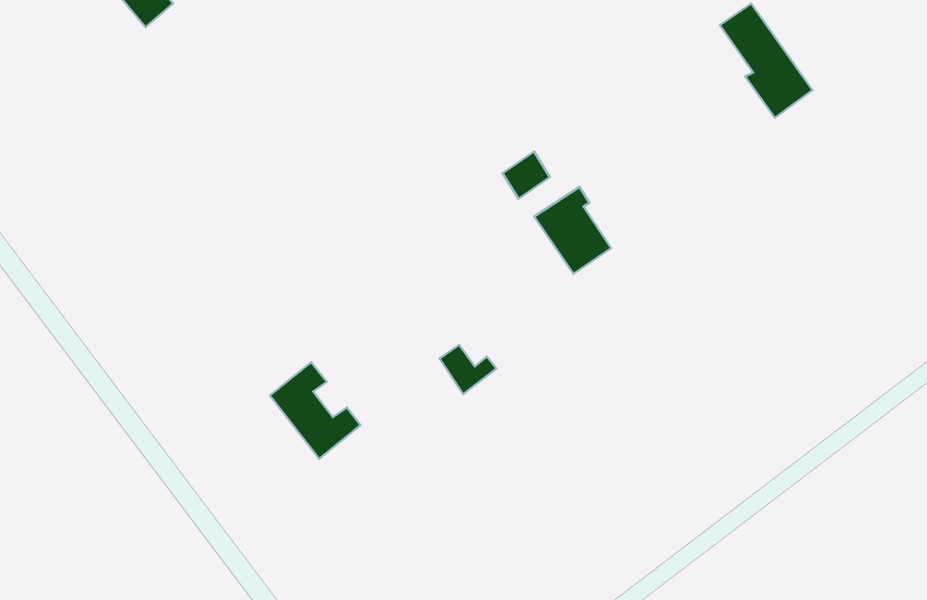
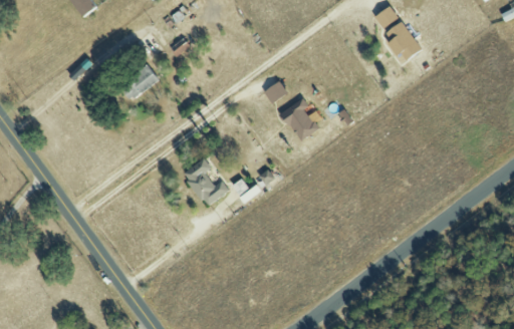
building: none -> [118,65,159,99]
building: [270,362,361,459] -> [183,156,229,206]

